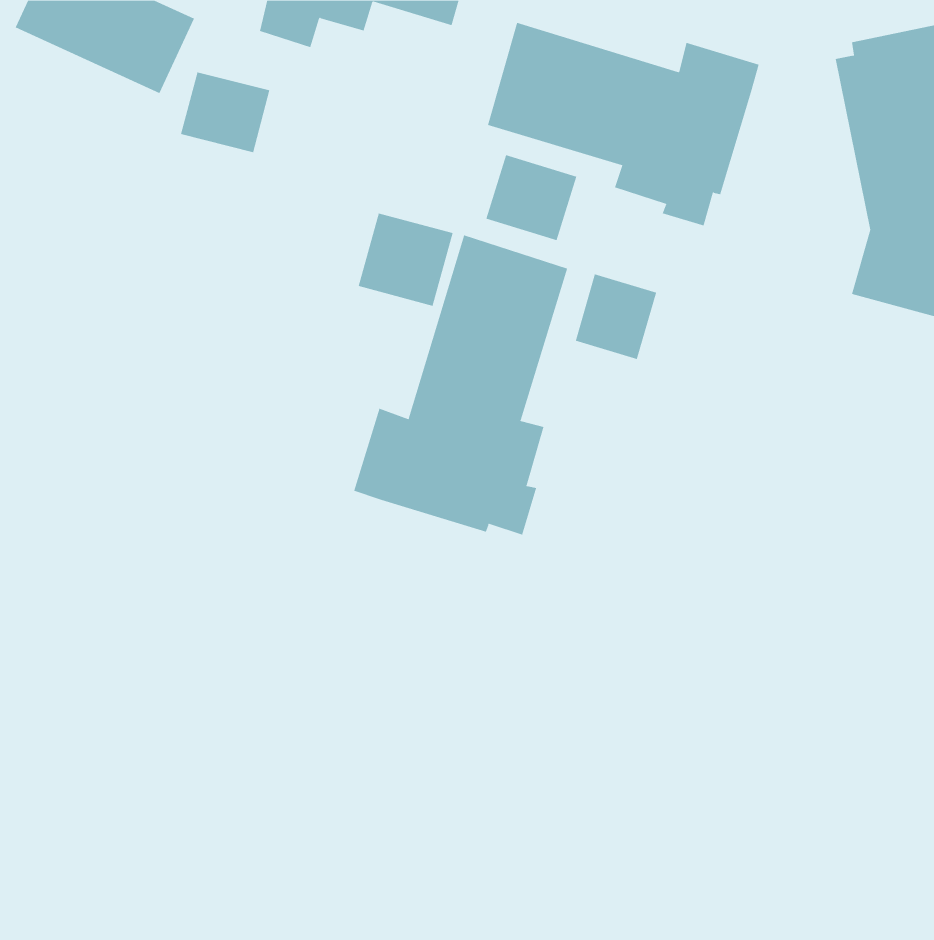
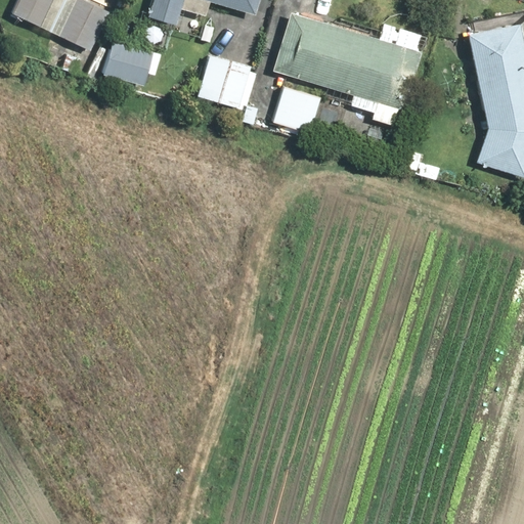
building: [358,213,453,307] -> [198,54,251,106]
building: [354,234,568,536] -> none
building: [575,273,657,360] -> none

